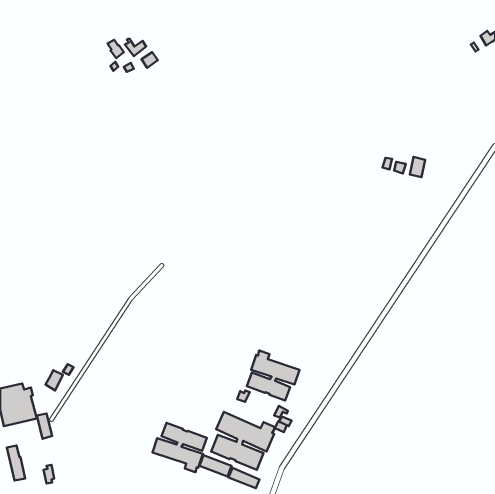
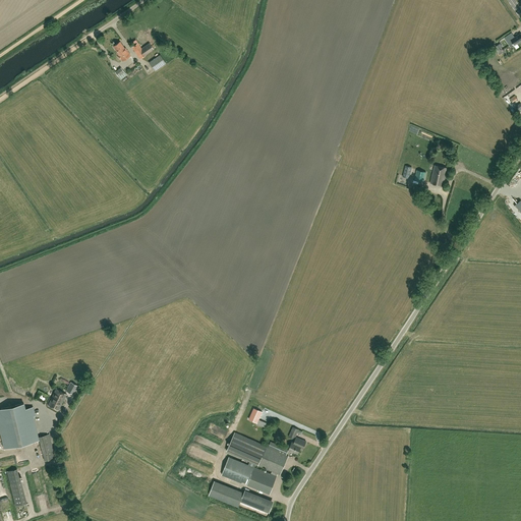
building: [247,350,300,401] -> none
building: [153,423,207,472] -> none

